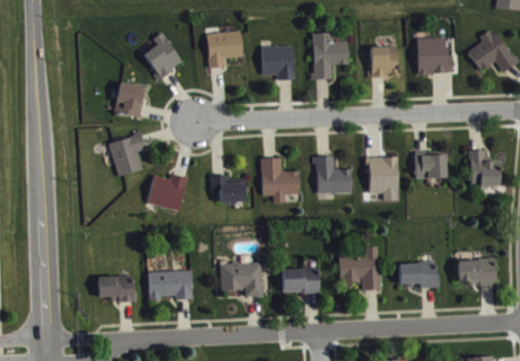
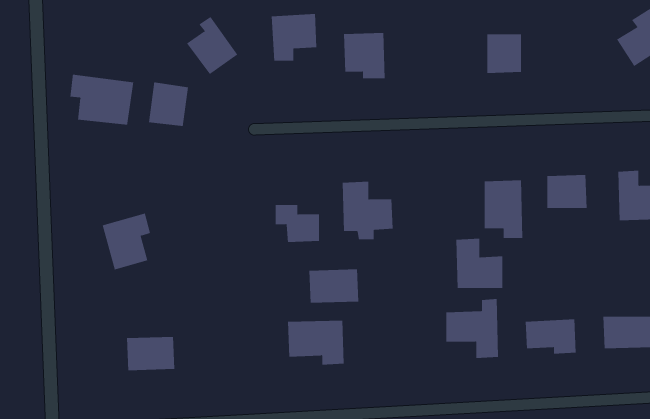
building: [312,32,348,79] -> none
building: [417,37,453,74] -> none
building: none -> [70,74,134,126]
building: [108,133,145,176] -> [102,213,151,270]
building: [315,155,351,193] -> [455,238,503,288]
building: [147,174,186,211] -> none
building: [281,267,319,293] -> [309,269,359,303]
building: [147,270,192,300] -> none

